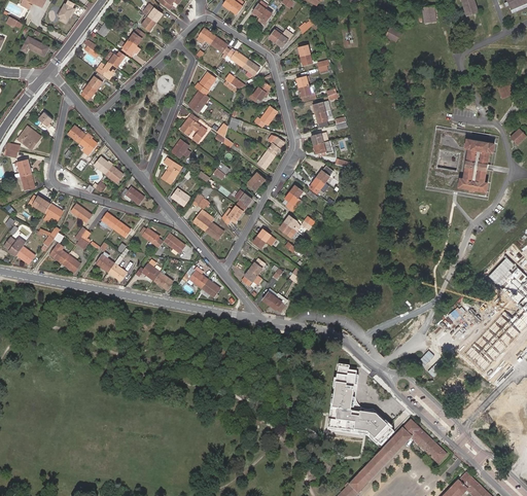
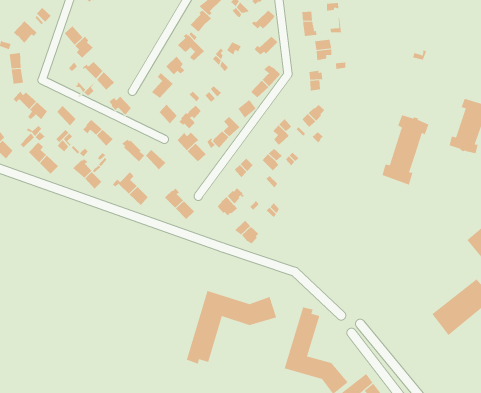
building: none -> [382,114,429,185]
building: none -> [186,290,277,365]

